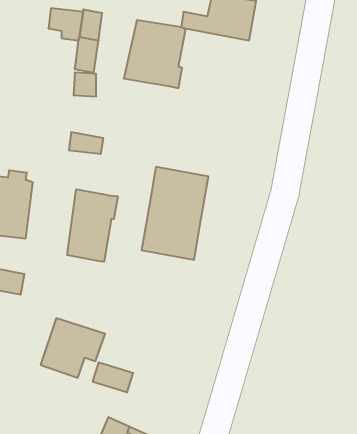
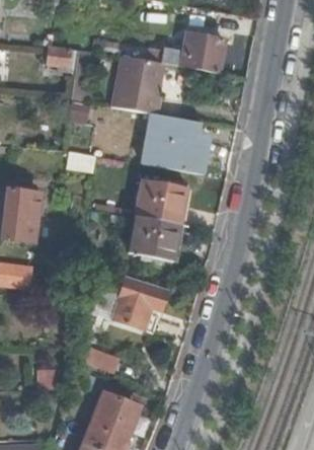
building: none -> [143,111,205,172]
building: [67,189,118,262] -> none
building: [41,318,105,378] -> [111,279,166,329]

